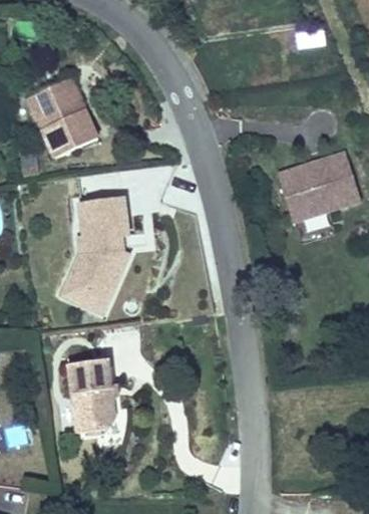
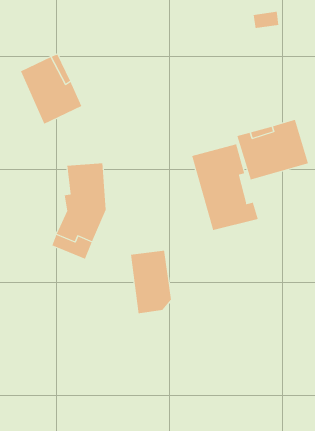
building: none -> [191,143,258,231]
building: [68,356,116,430] -> [130,250,172,314]

